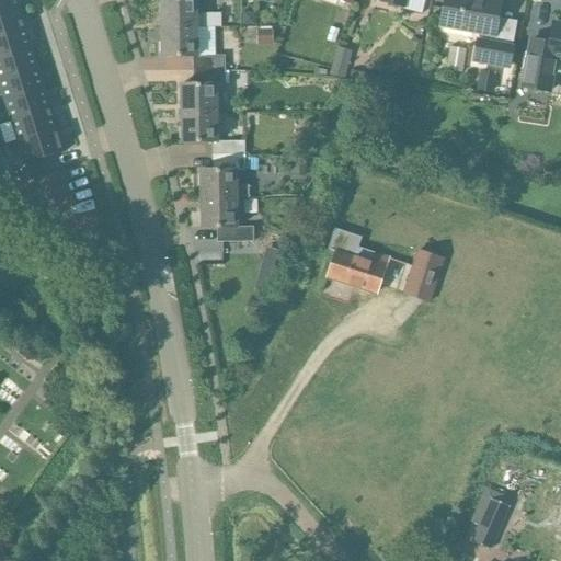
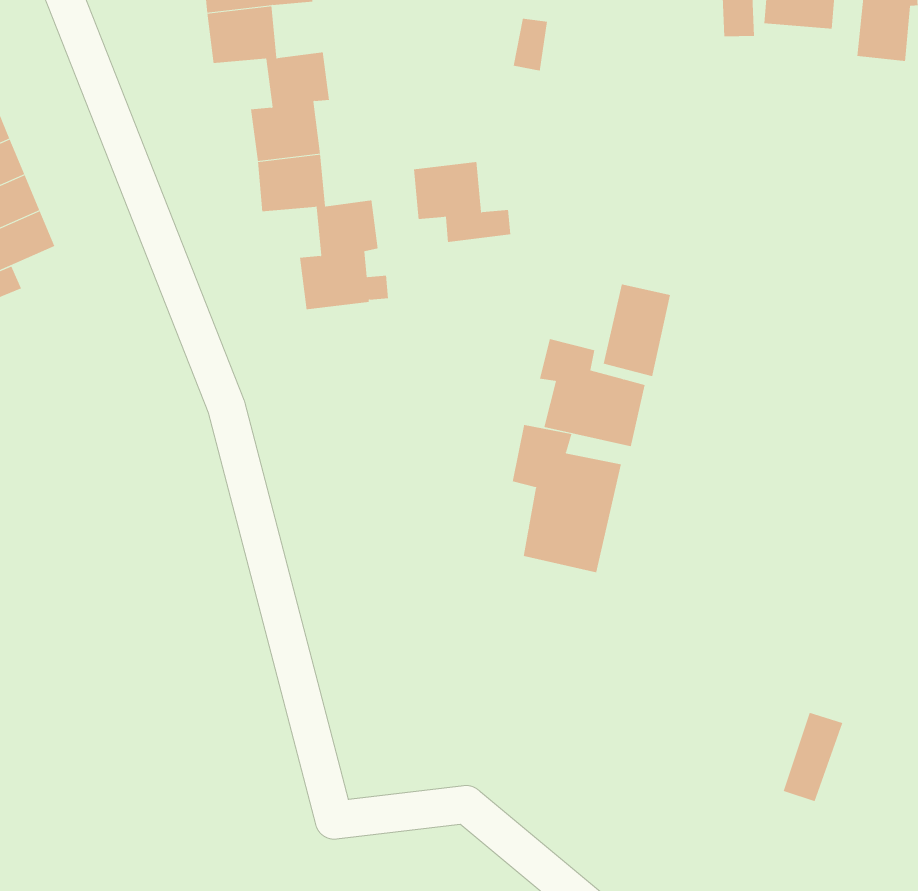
building: [201,197,252,241] -> [413,161,511,242]
building: [402,249,444,302] -> [603,284,671,377]
building: none -> [512,424,622,573]
building: [471,497,508,548] -> [783,712,843,802]

